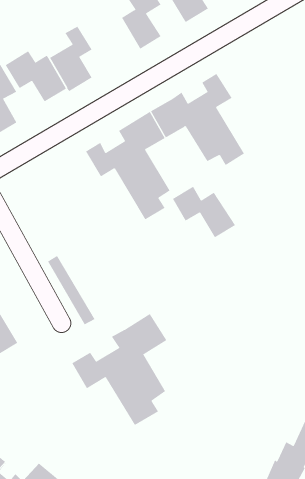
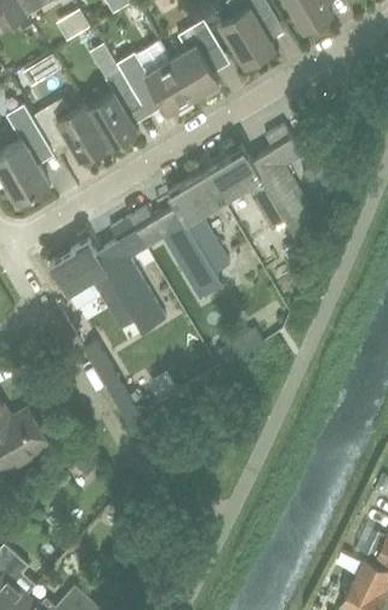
building: none -> [116,52,193,112]
building: none -> [48,217,166,332]
building: [172,186,236,238] -> none
building: [72,313,167,426] -> none

